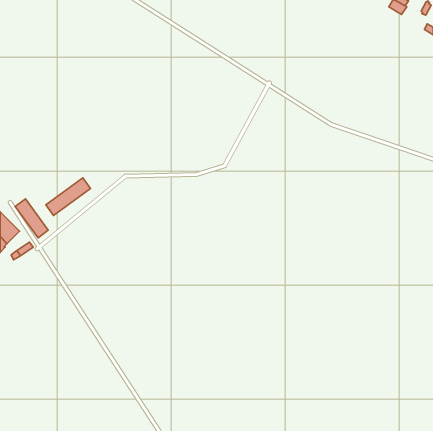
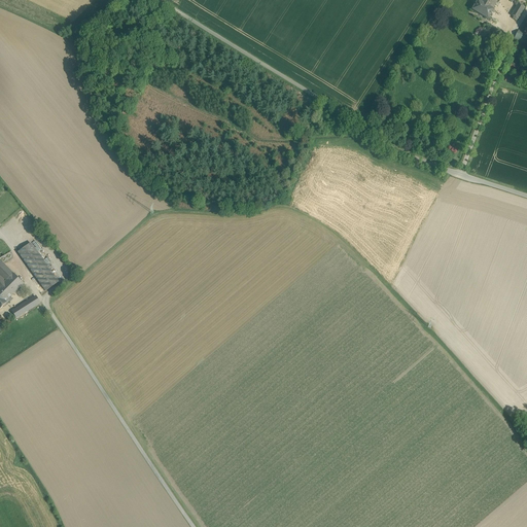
building: [46,178,91,216] -> none

